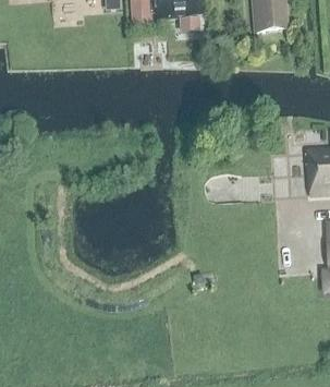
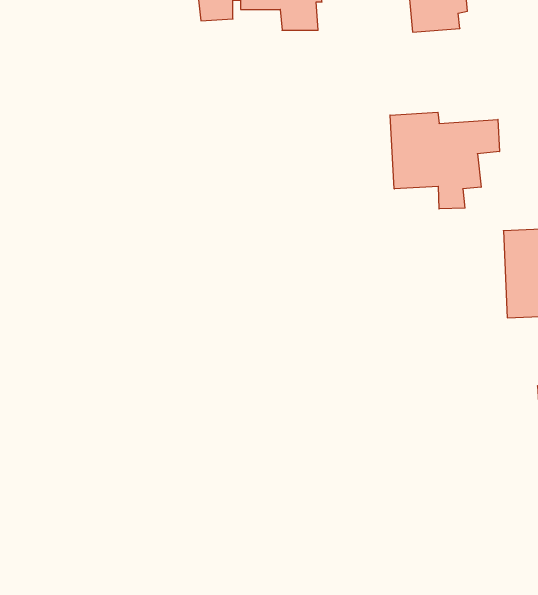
building: none -> [390,112,499,209]

